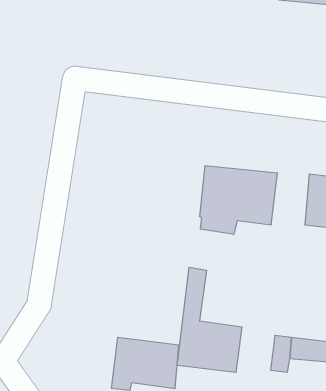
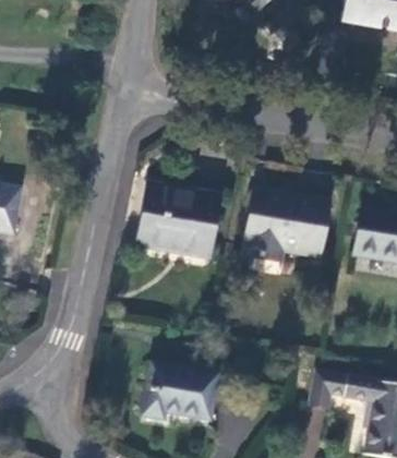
building: none -> [137,184,220,261]
building: [177,267,242,373] -> none

